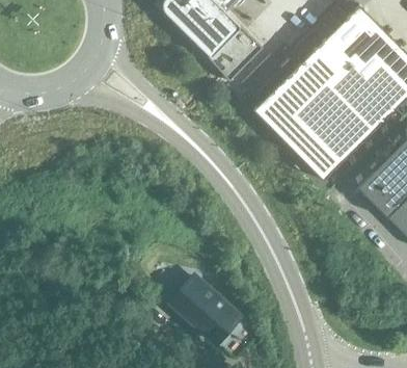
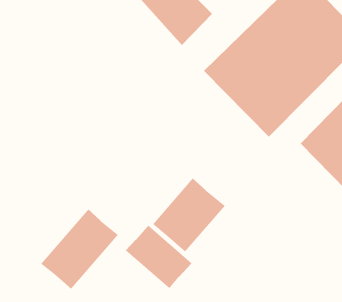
building: none -> [152,178,226,253]
building: none -> [40,209,119,290]

